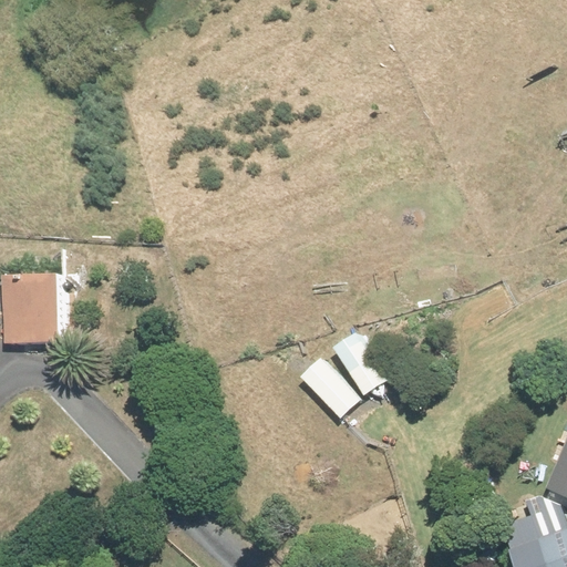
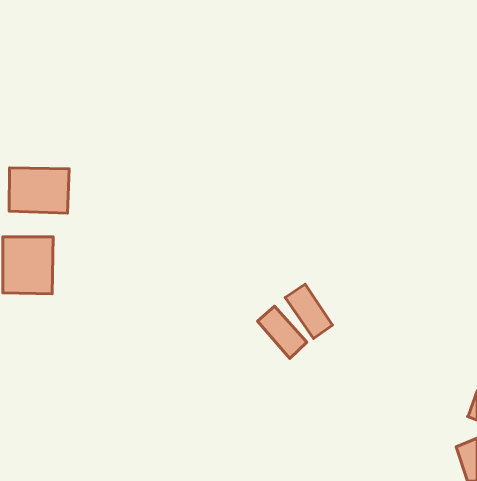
building: none -> [9,168,69,213]

